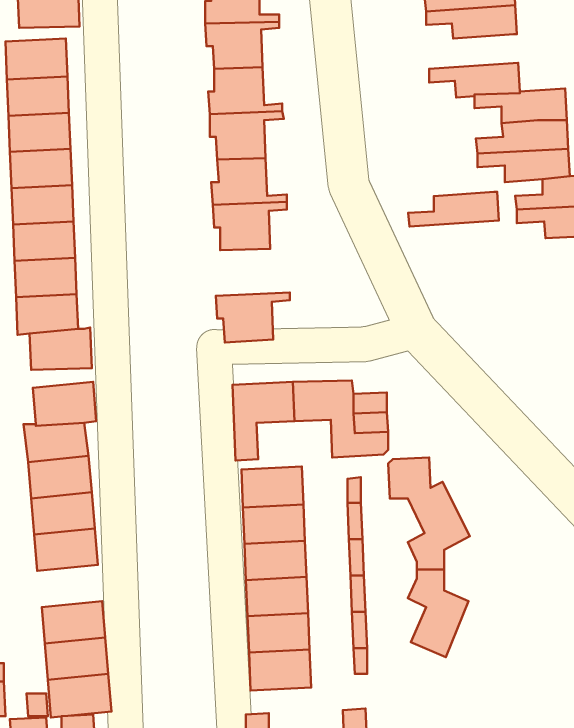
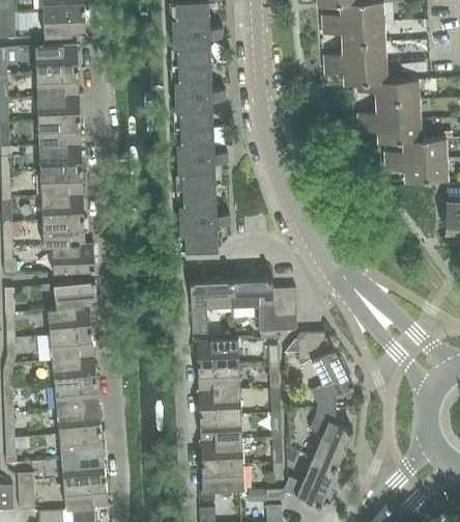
building: [408,192,499,227] -> [323,42,385,65]
building: none -> [178,189,229,221]
building: none -> [56,406,100,435]
building: none -> [264,459,336,506]

